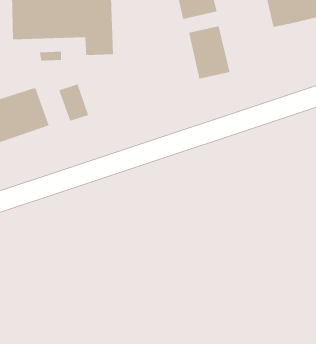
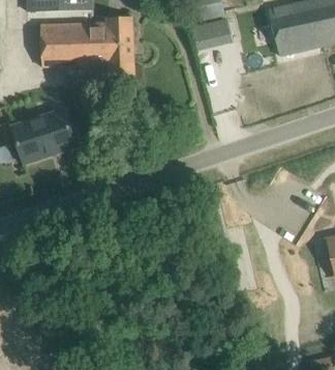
building: [188,26,230,80] -> none
building: [59,83,89,121] -> none

